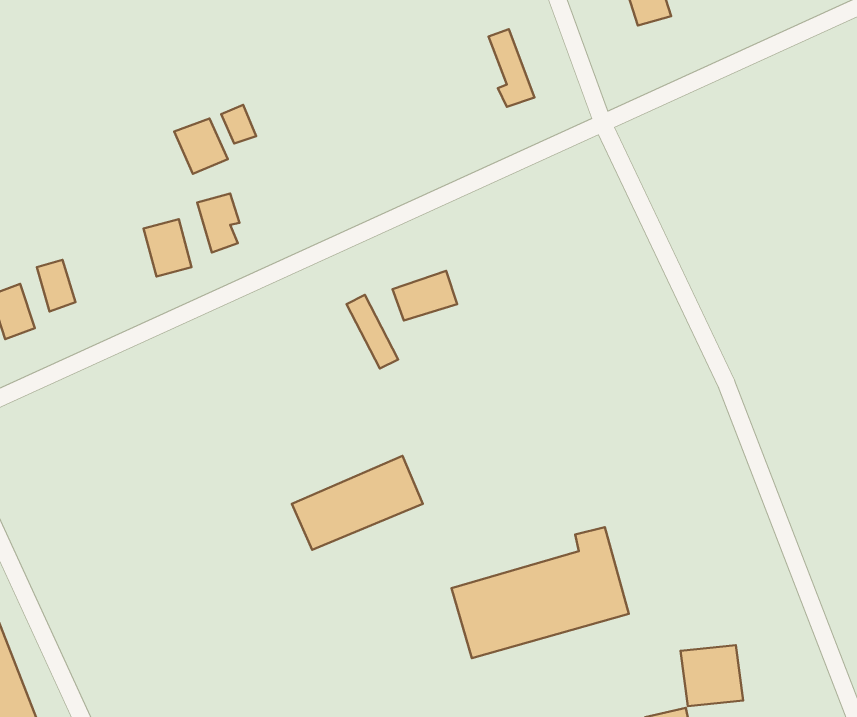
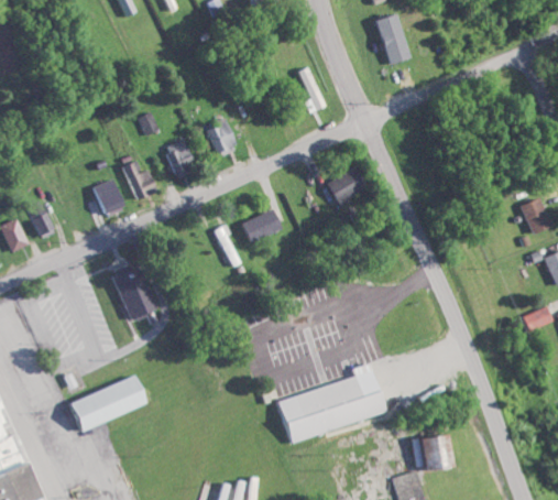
building: none -> [207,119,237,152]
building: [174,118,228,174] -> [164,139,196,172]
building: none -> [326,169,363,205]
building: none -> [111,267,154,318]
building: [292,456,423,550] -> [67,376,145,432]

